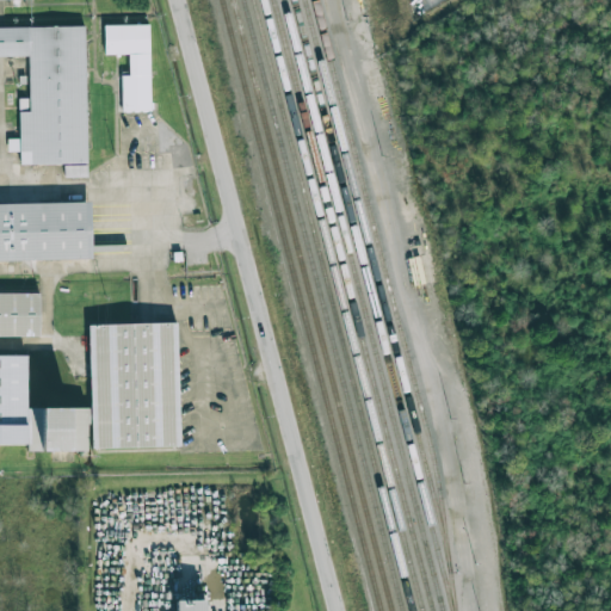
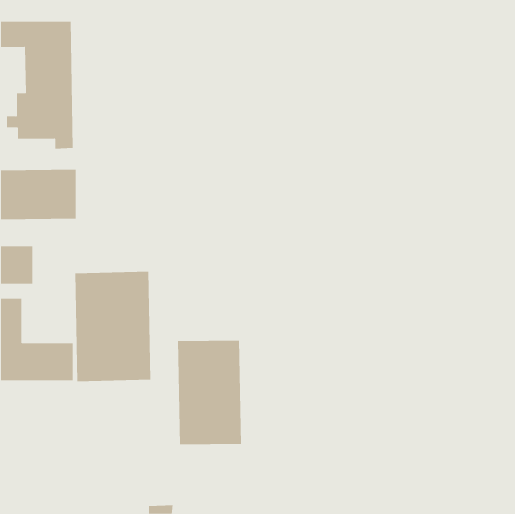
building: [104,23,150,112] -> none
building: none -> [178,340,241,445]

